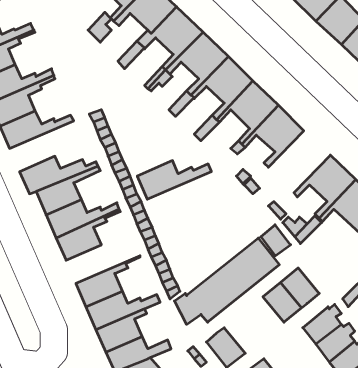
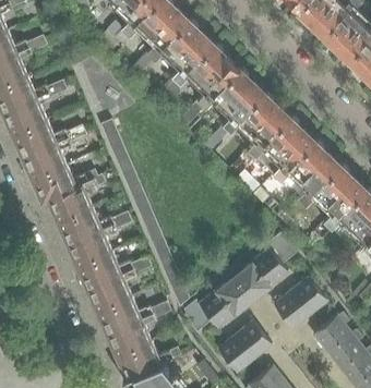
building: none -> [21,131,85,181]
building: none -> [276,141,337,202]
building: [137,161,211,199] -> [76,253,149,291]
building: none -> [232,320,271,360]

